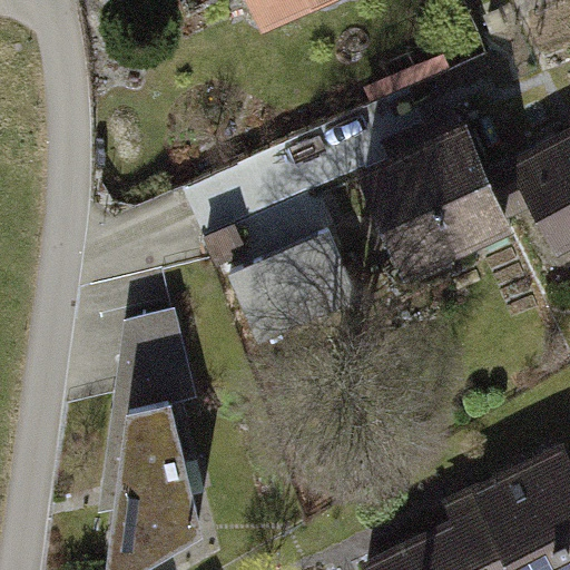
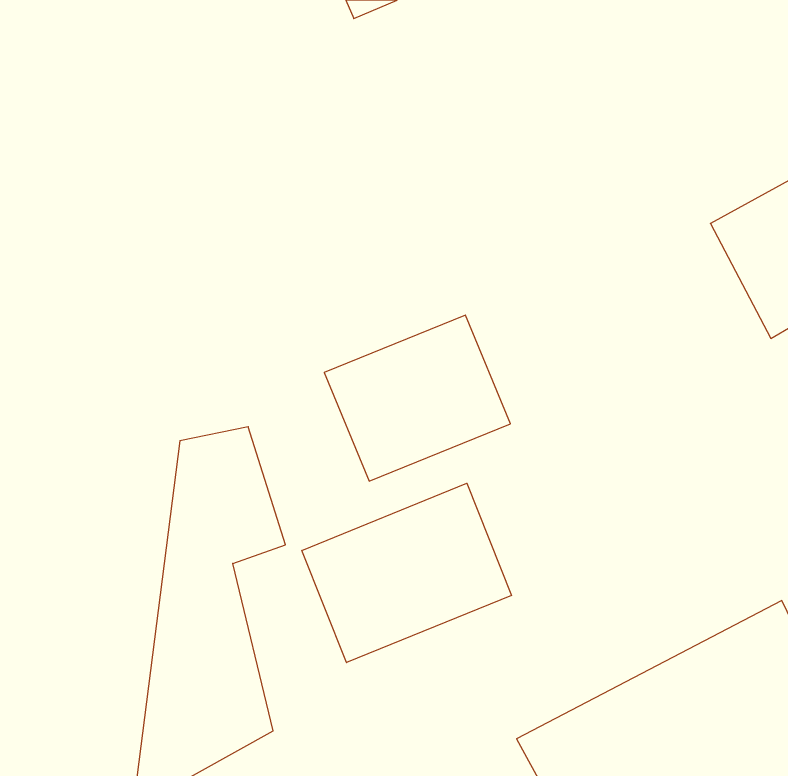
building: [357,134,509,269] -> none
building: none -> [302,483,512,663]

